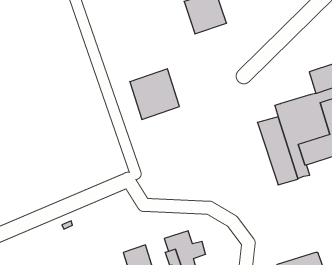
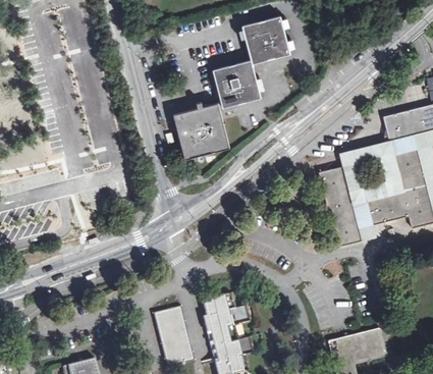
building: none -> [213,59,261,107]

